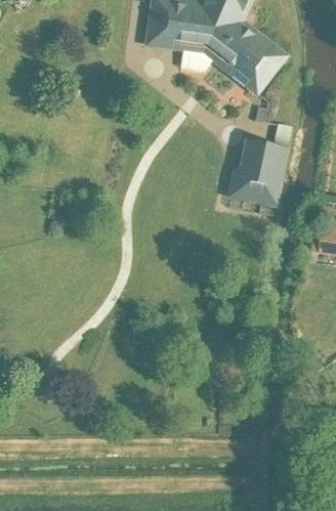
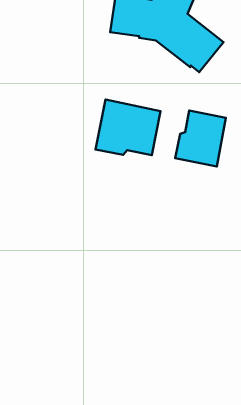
building: none -> [95,100,161,155]

